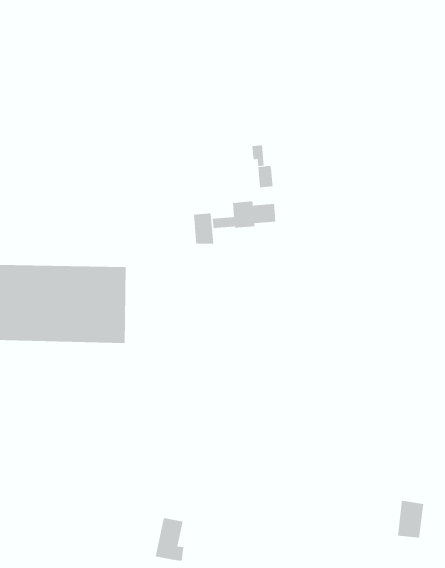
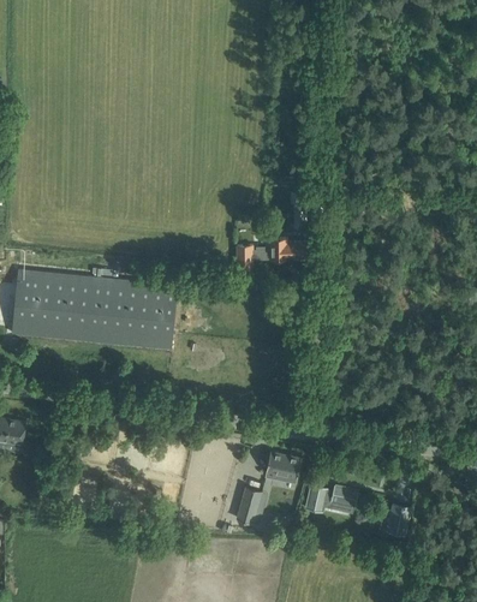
building: none -> [264,451,300,482]
building: none -> [304,483,358,512]
building: [155,517,184,561] -> [235,485,262,524]

